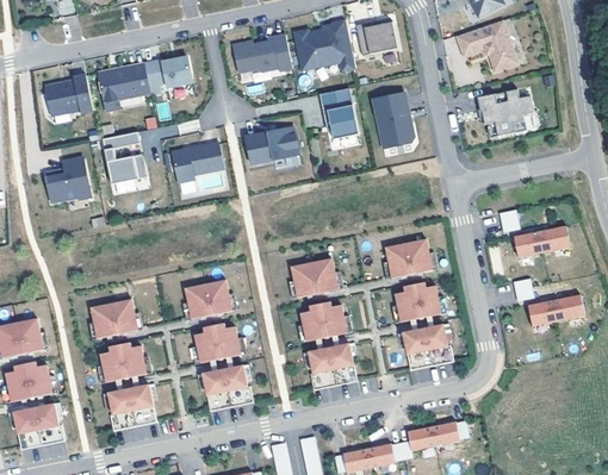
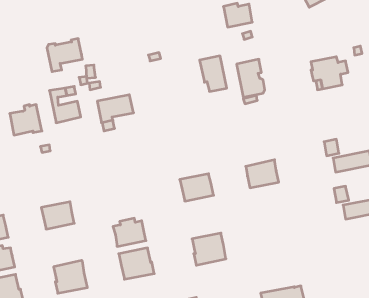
building: [293,20,354,71] -> none
building: [455,20,516,71] -> none
building: [232,37,292,75] -> none
building: [143,57,191,87] -> none
building: [45,75,92,115] -> none
building: [244,129,298,167] -> none
building: [184,280,232,319] -> none
building: [395,282,441,323] -> none
building: [299,301,347,342] -> none
building: [402,324,453,370] -> none
building: [99,342,147,382] -> none

